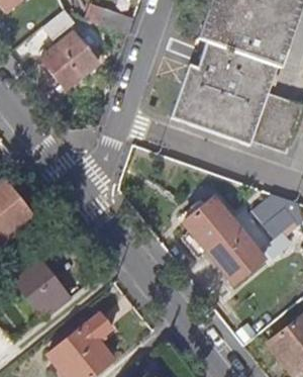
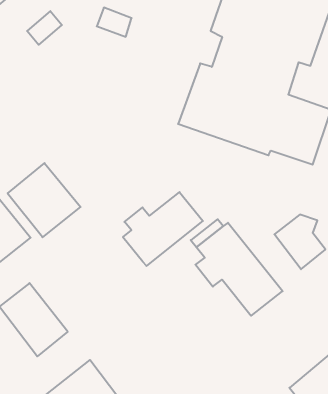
building: [43,31,101,89] -> none
building: none -> [8,163,81,237]
building: none -> [123,192,203,266]

